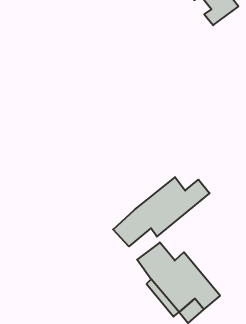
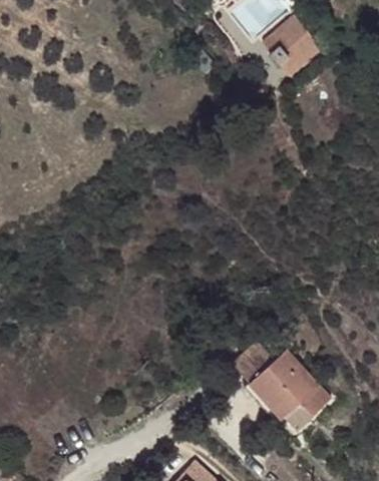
building: [113,177,210,246] -> none

